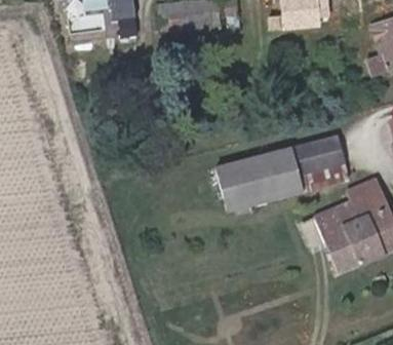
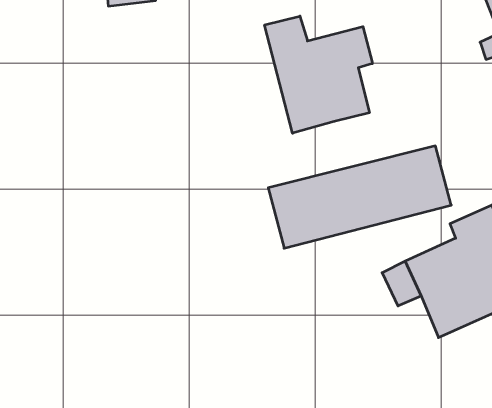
building: none -> [265,16,372,133]

